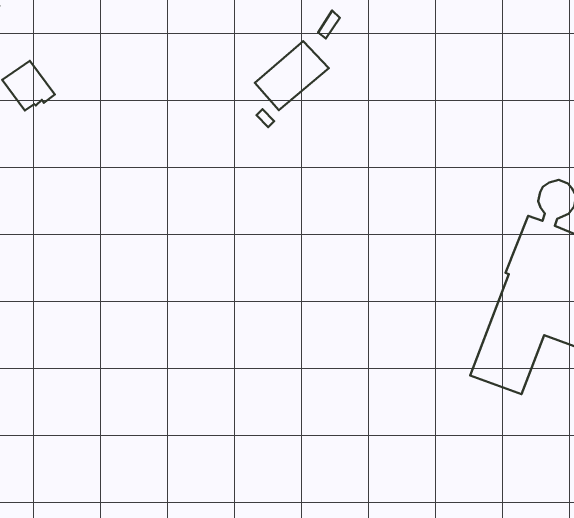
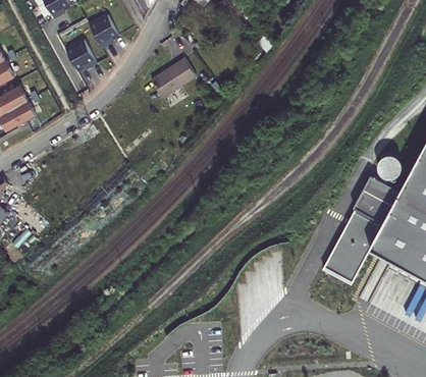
building: none -> [89,16,118,49]
building: [255,41,329,110] -> [151,59,197,99]

